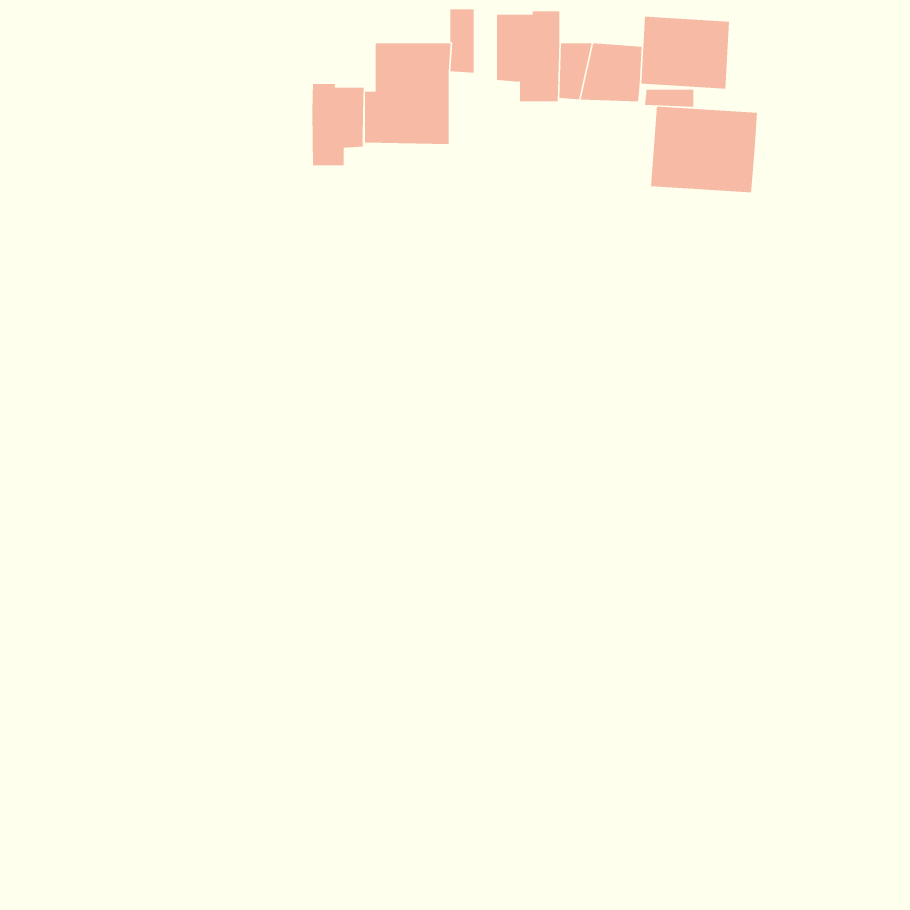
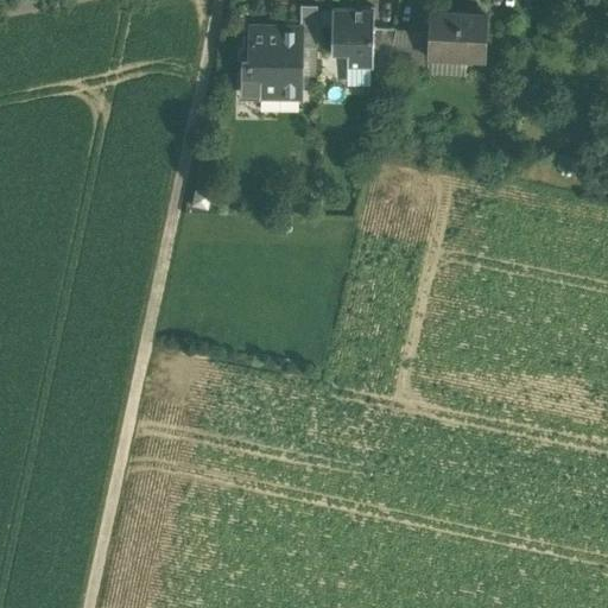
building: [312,83,364,166] -> none
building: [651,106,758,193] -> none

